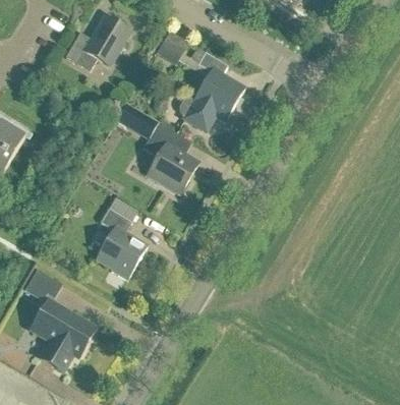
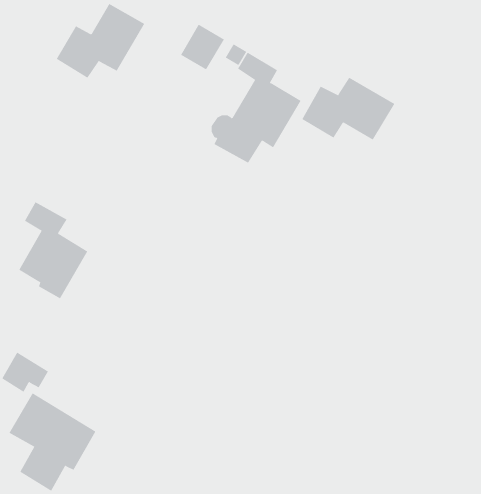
building: none -> [301,77,395,141]
building: [144,121,199,193] -> none
building: [97,208,148,279] -> [18,201,88,299]

